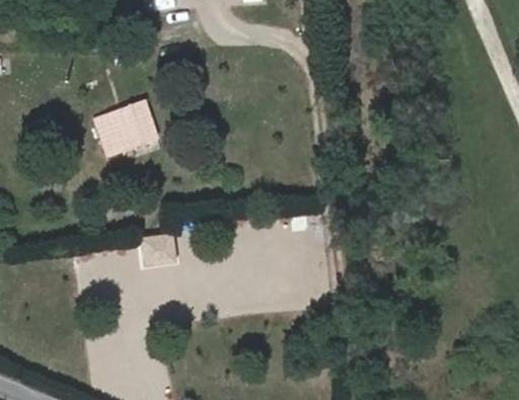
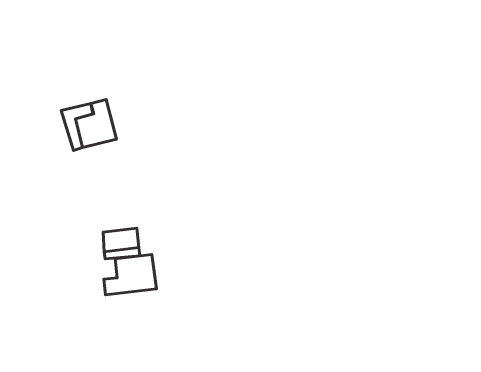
building: none -> [104,254,156,295]

